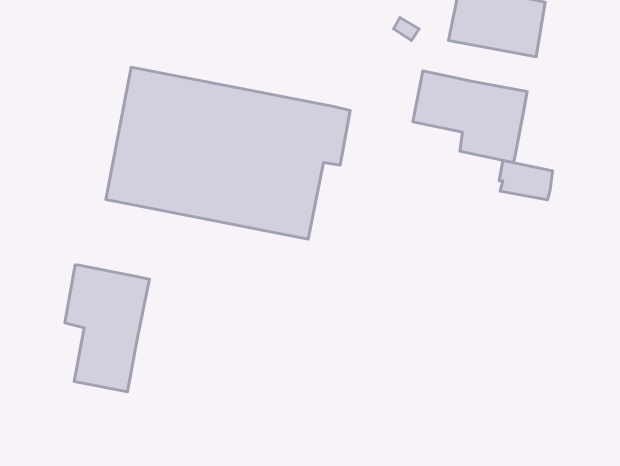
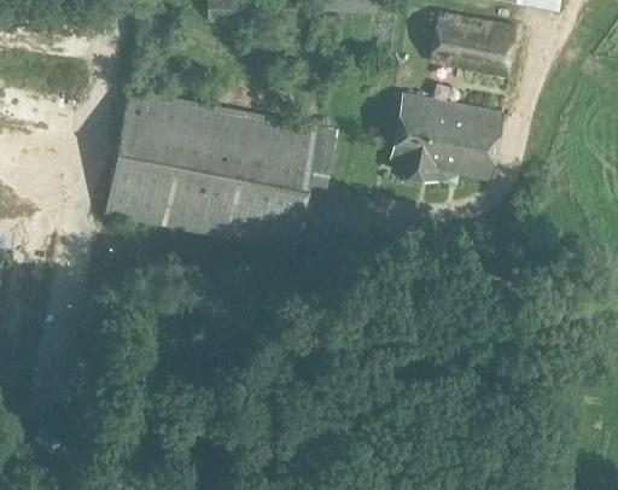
building: [499,161,553,200] -> [392,140,443,177]
building: [65,265,149,392] -> none

